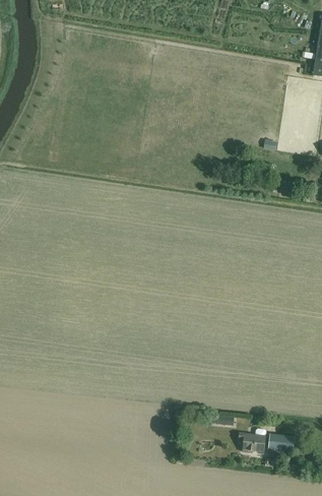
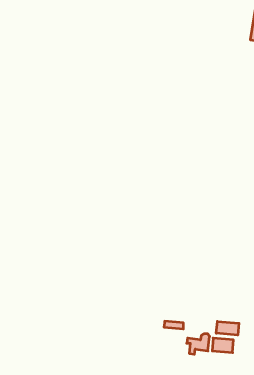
building: none -> [216,321,239,335]

